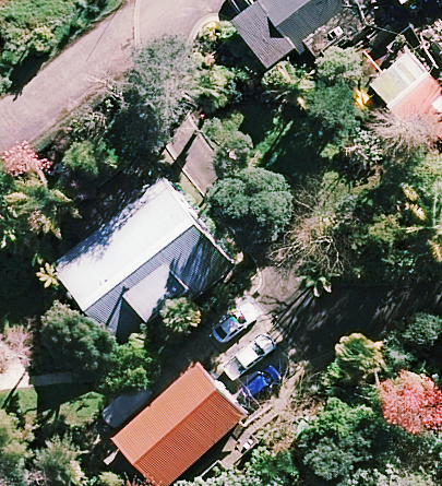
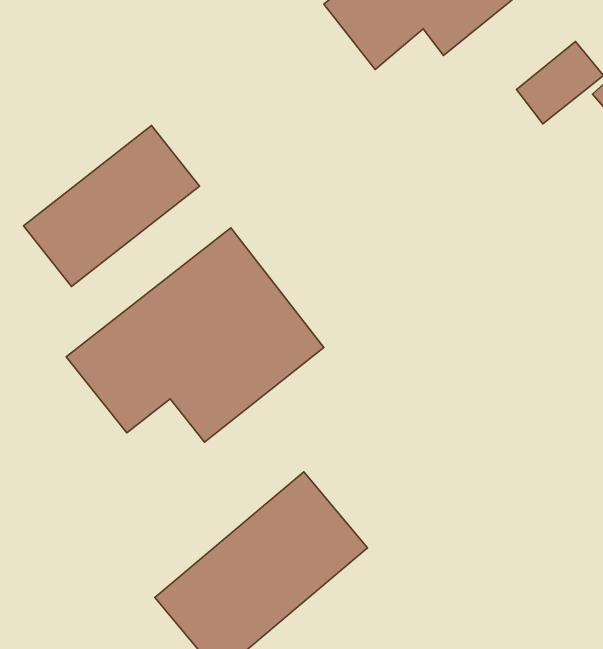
building: none -> [24,126,199,286]

